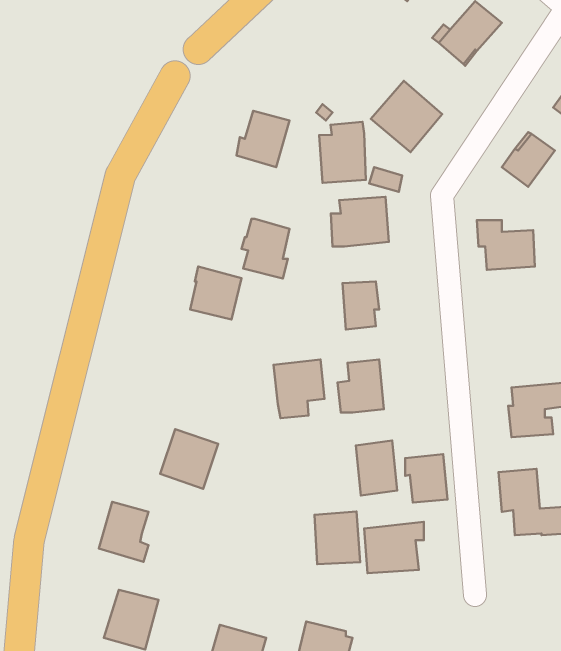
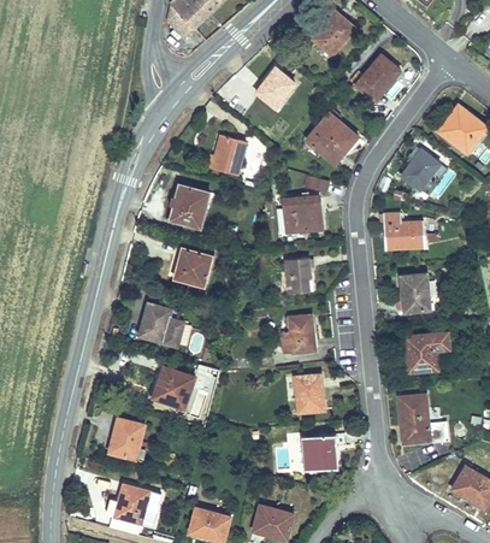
building: none -> [258,67,295,107]
building: [319,122,366,183] -> none
building: [241,219,290,279] -> [171,184,206,228]
building: none -> [400,273,430,312]
building: none -> [141,302,184,346]
building: [274,359,325,418] -> none
building: [405,454,448,503] -> none
building: [315,512,360,564] -> none

